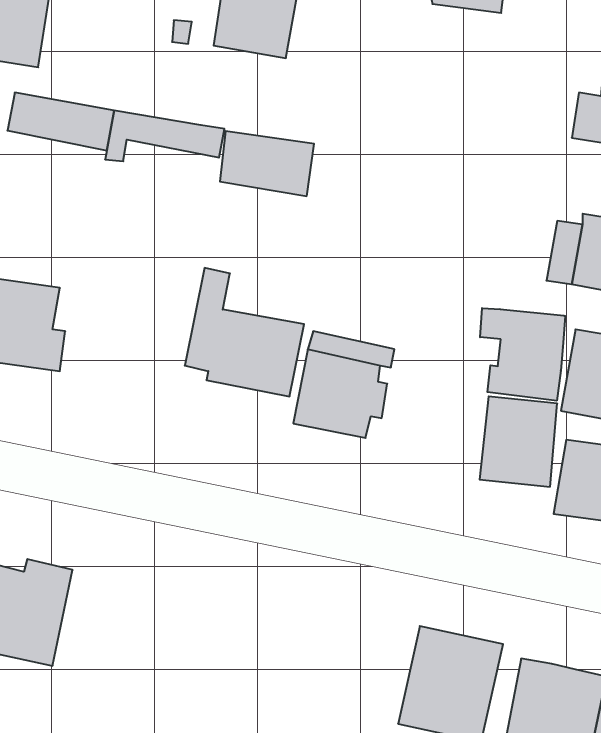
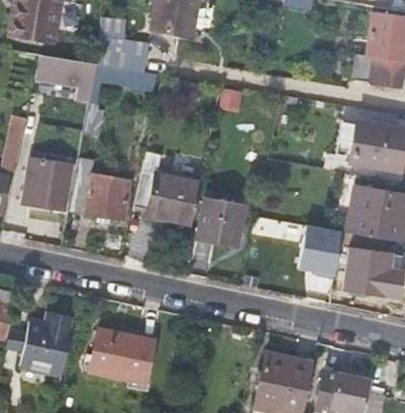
building: [220,131,314,196] -> [96,36,148,73]
building: none -> [70,163,132,219]
building: [480,308,565,401] -> none
building: none -> [90,329,155,384]

